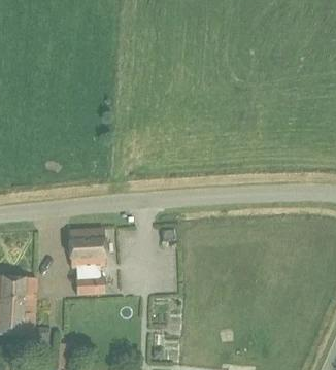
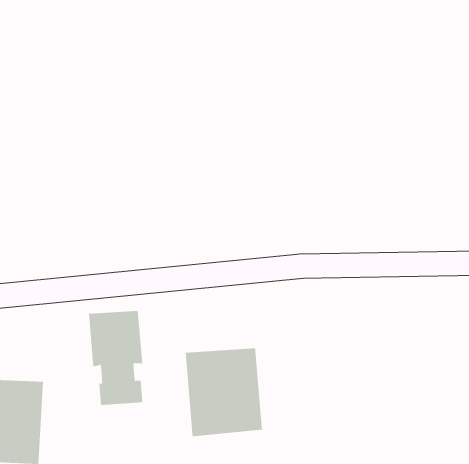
building: none -> [185,347,262,437]

